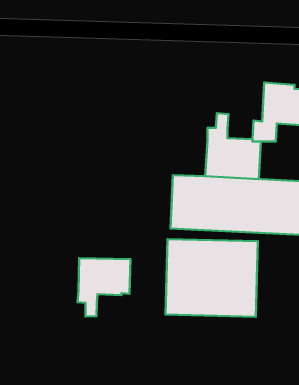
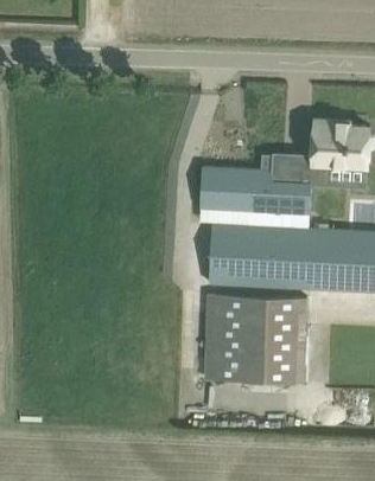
building: none -> [199,167,250,225]
building: [78,258,130,316] -> none

